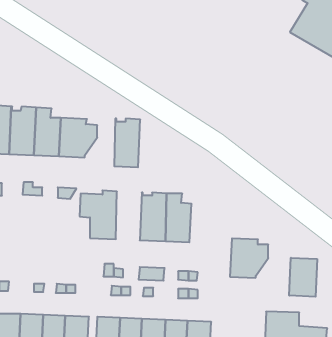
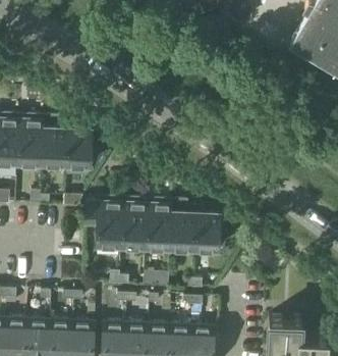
building: [114,119,140,167] -> [119,199,145,247]
building: [230,238,268,278] -> [191,211,229,250]
building: [289,258,317,297] -> none

